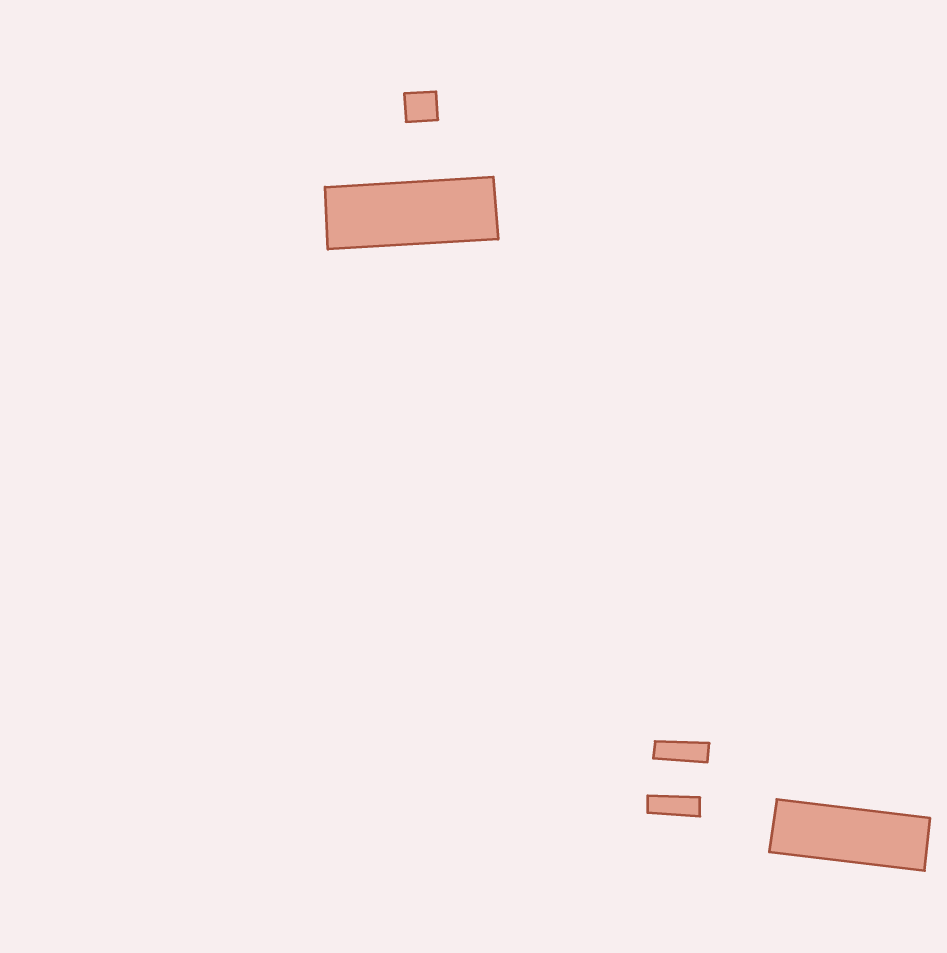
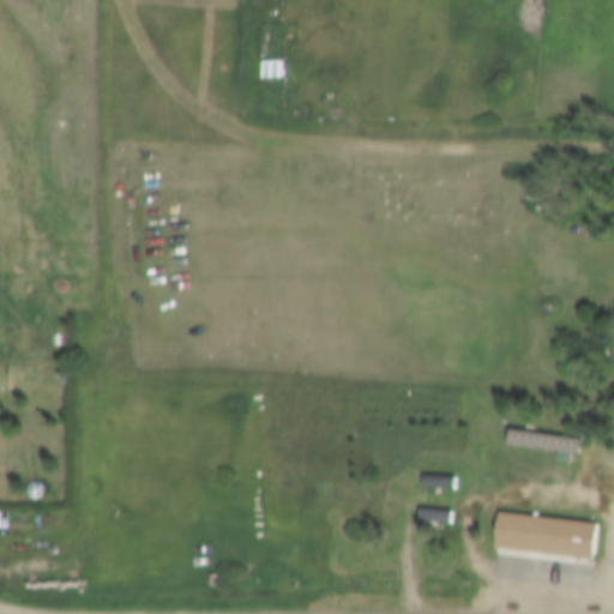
building: [325,177,498,249] -> none
building: none -> [505,428,580,460]

